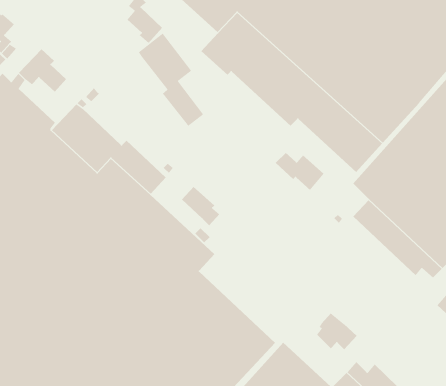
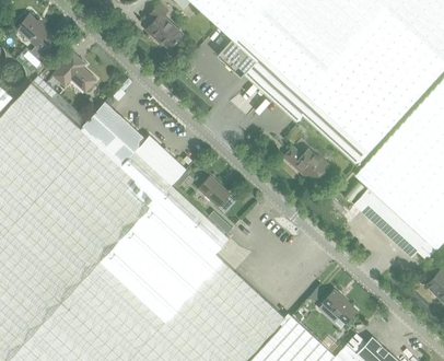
building: [138,32,204,127] -> none

